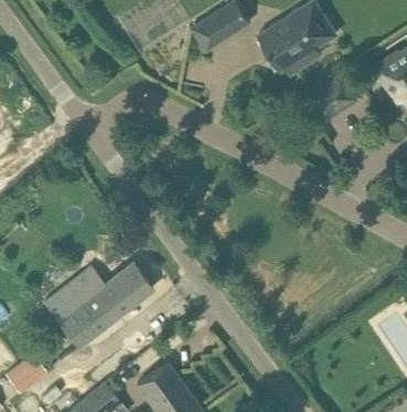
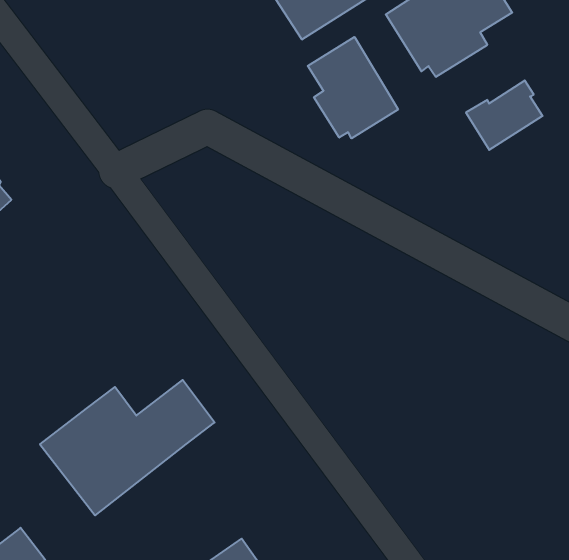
building: none -> [308,37,398,138]

